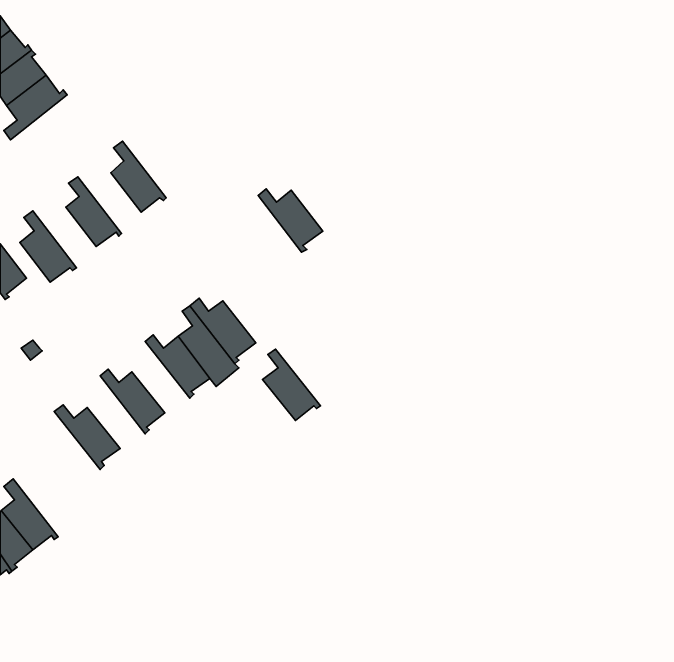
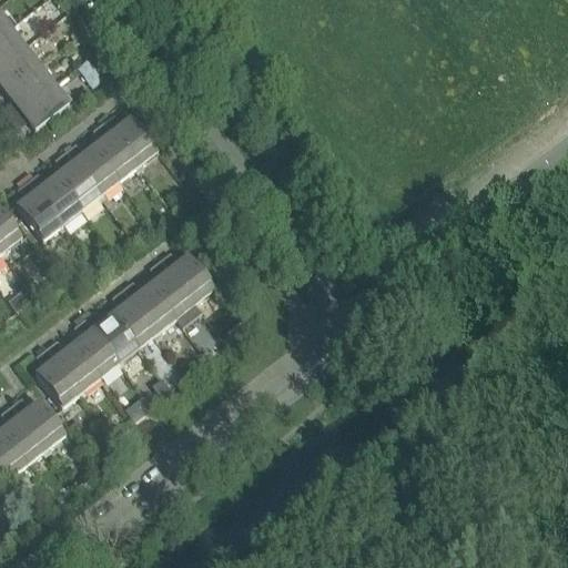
building: none -> [9,80,69,128]
building: none -> [65,143,119,196]
building: [258,189,323,252] -> [103,113,158,166]
building: none -> [28,172,87,232]
building: [262,349,320,420] -> [111,287,160,347]
building: none -> [73,316,122,377]
building: none -> [36,346,84,407]
building: none -> [11,398,65,452]

